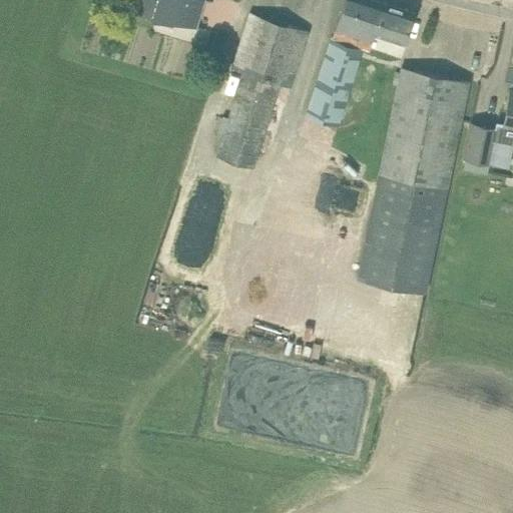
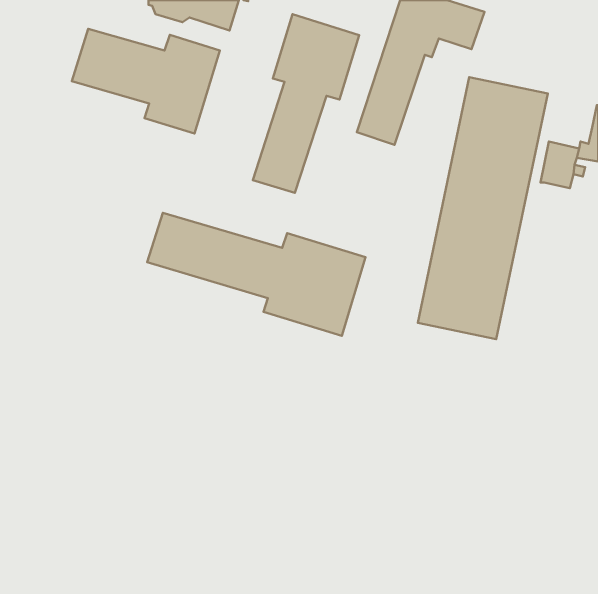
building: none -> [72,29,220,134]
building: none -> [147,213,366,336]

